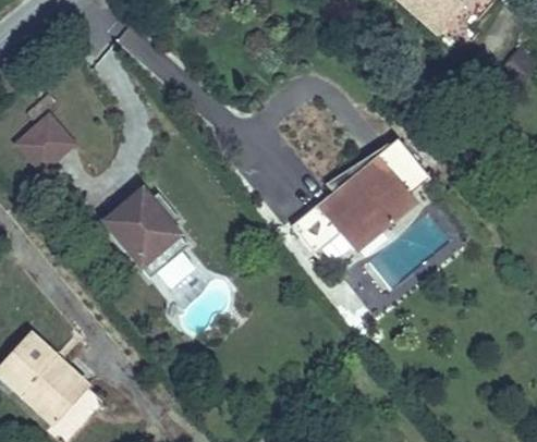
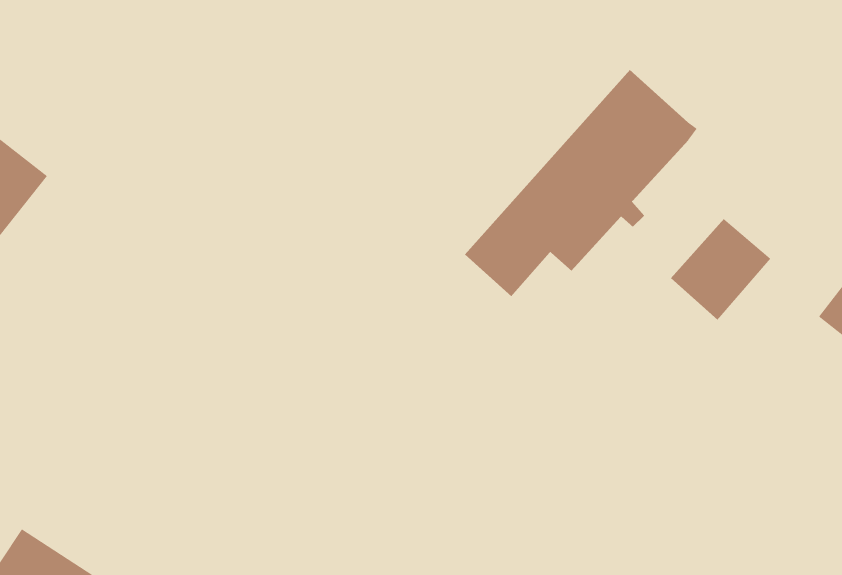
building: [107,196,192,281] -> none
building: none -> [670,218,771,320]

